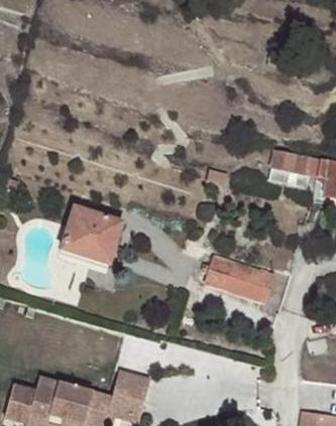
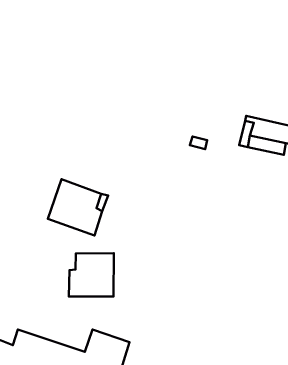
building: [206,257,273,302] -> none
building: none -> [69,253,114,297]

